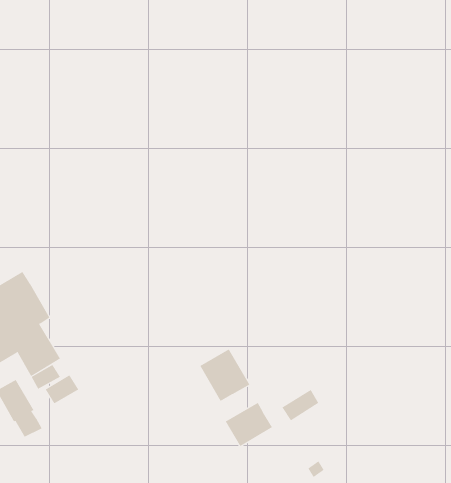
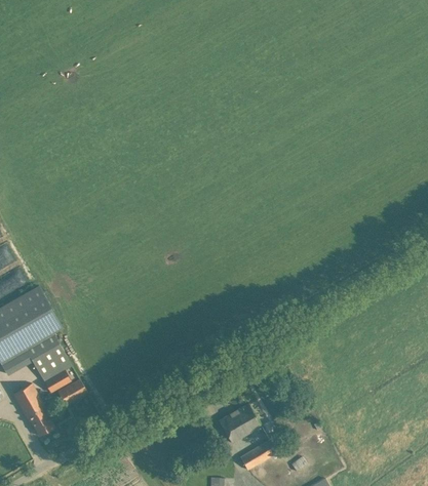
building: [199,348,250,402] -> none
building: [281,389,319,421] -> [241,441,275,470]

